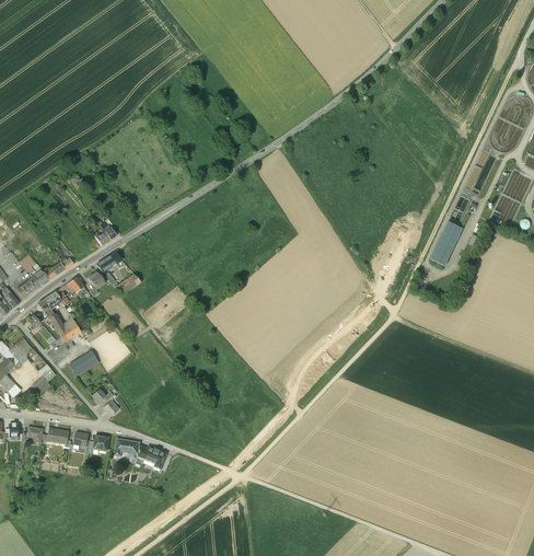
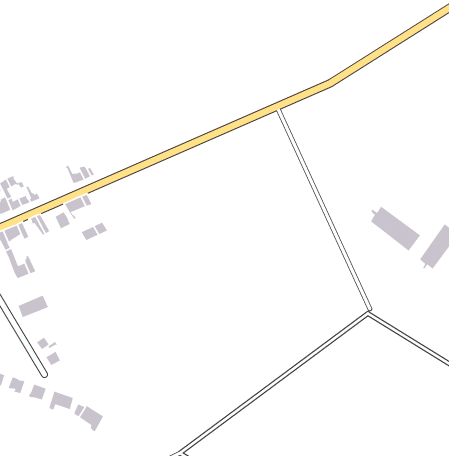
building: none -> [370,205,421,252]

